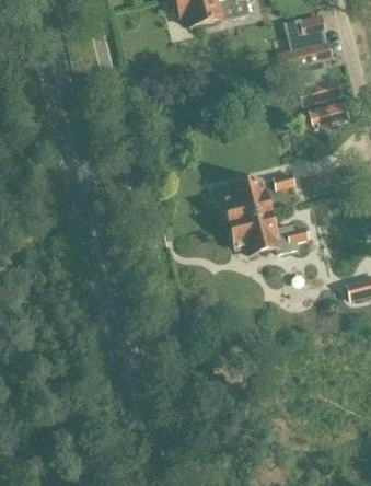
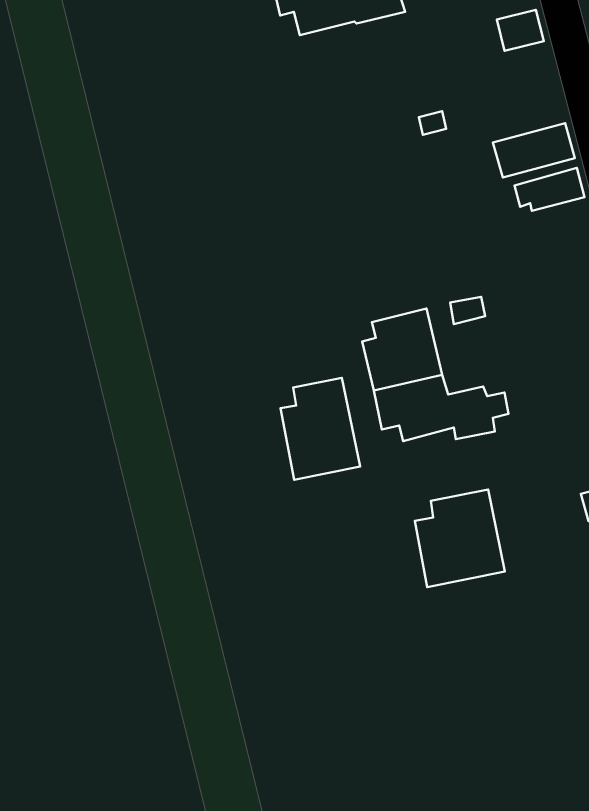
building: [275,38,332,69] -> none
building: none -> [281,378,360,480]
building: none -> [415,490,505,587]

